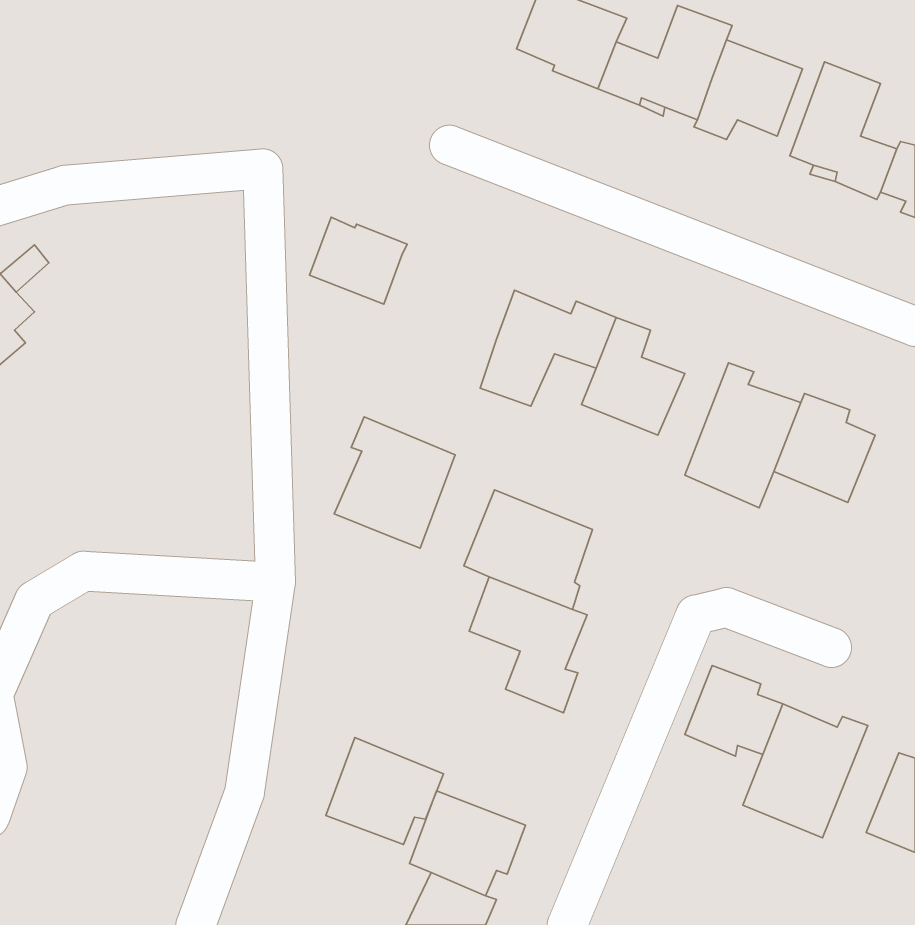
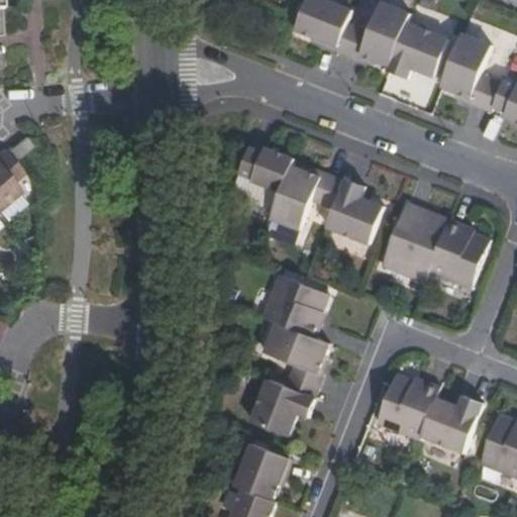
building: [309,217,407,304] -> [235,140,290,189]
building: [334,417,455,548] -> none
building: [326,738,443,845] -> [248,377,314,436]

